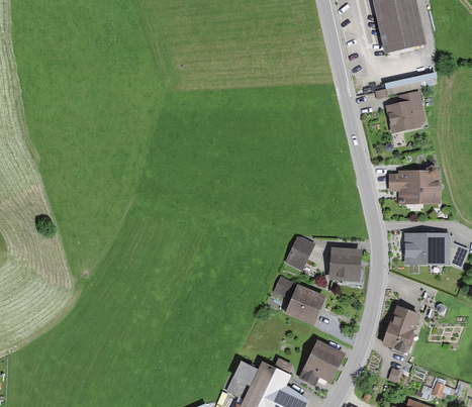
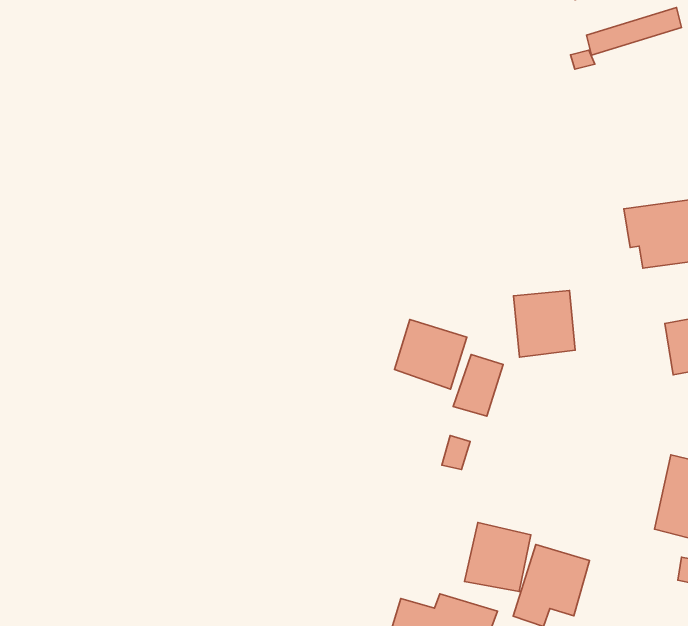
building: [387,91,427,133] -> none
building: none -> [395,319,467,389]
building: [328,247,361,282] -> [513,291,575,357]
building: [285,284,324,324] -> [465,523,531,592]

